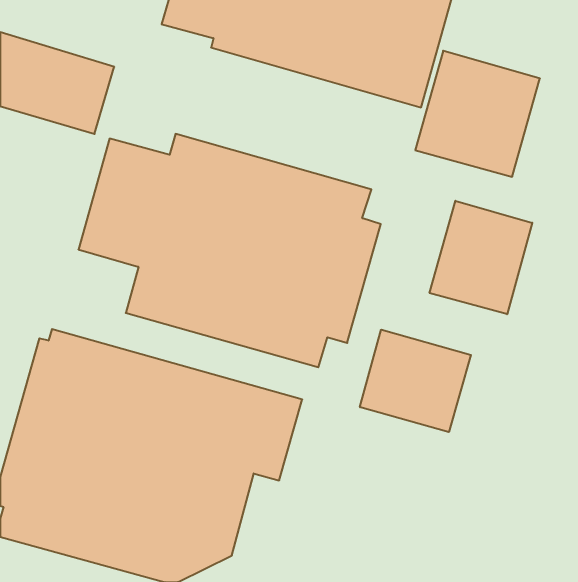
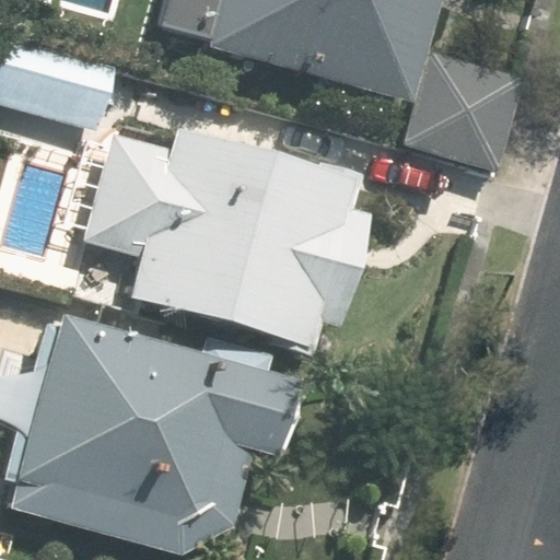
building: [430,201,532,314] -> none
building: [360,330,471,432] -> none

